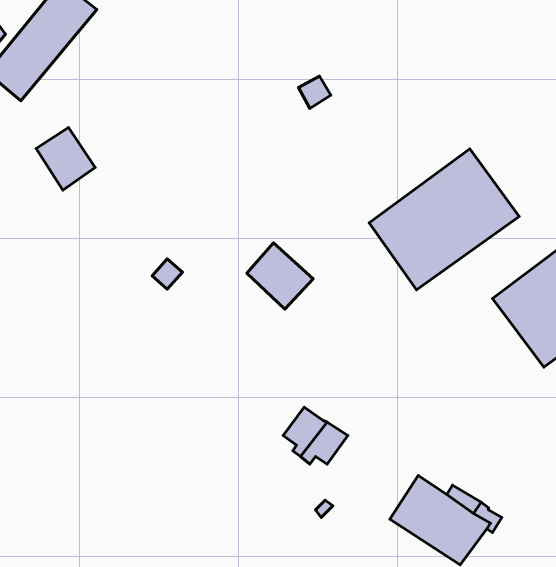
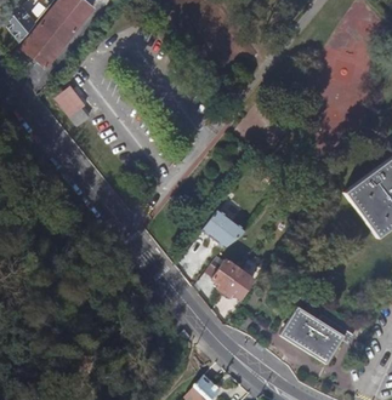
building: [369,149,519,290] -> none
building: [247,243,313,309] -> [204,210,246,252]

